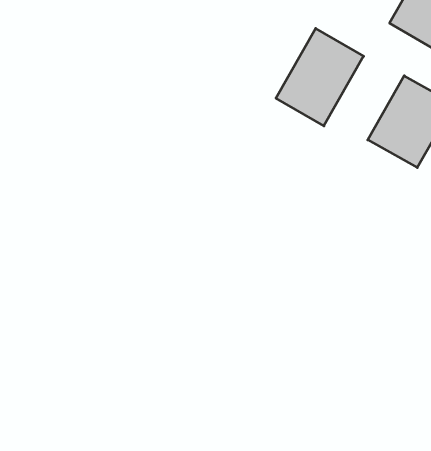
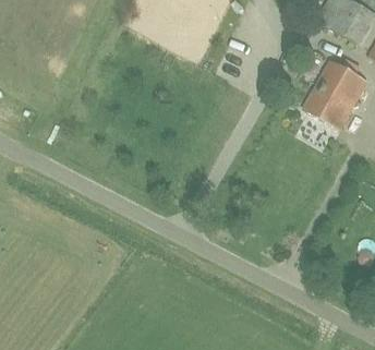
building: [276,28,364,126] -> none

